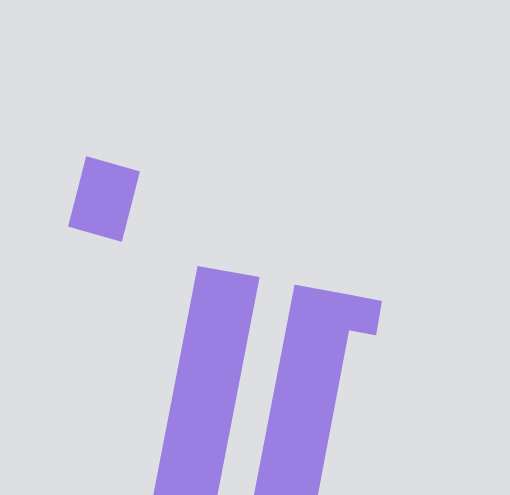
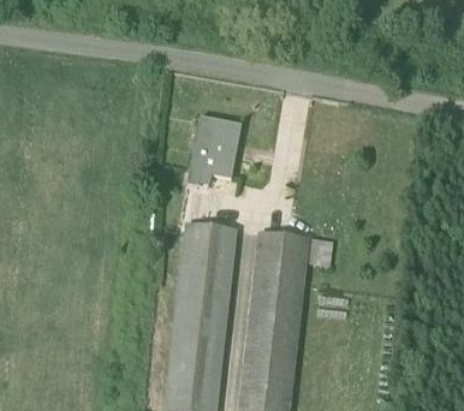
building: [67,156,141,243] -> [190,115,242,178]

